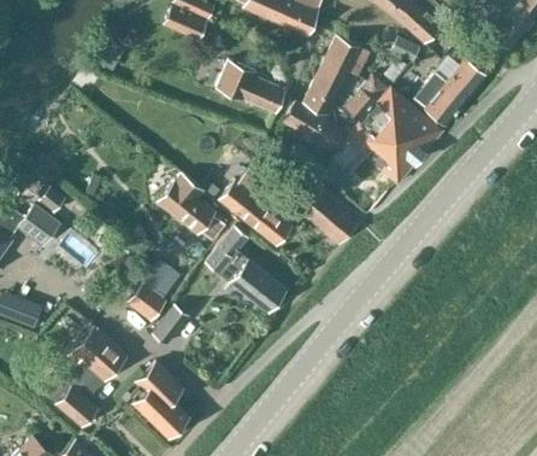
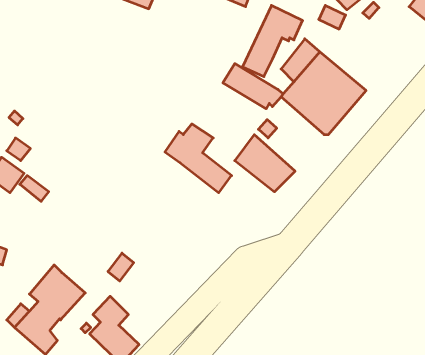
building: [414,59,485,124] -> none
building: [214,60,284,113] -> none
building: [157,173,224,239] -> none
building: [206,226,287,312] -> none
building: [128,259,182,318] -> none

